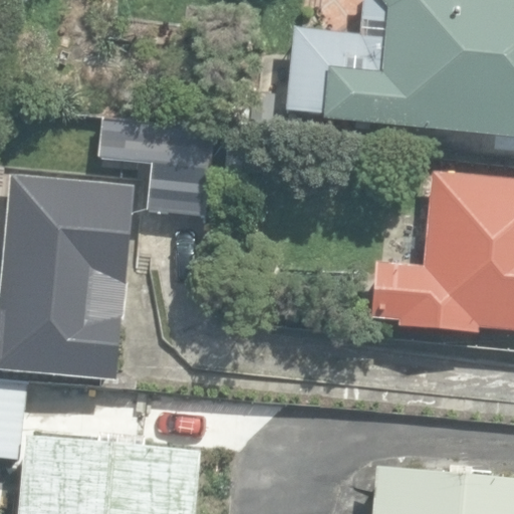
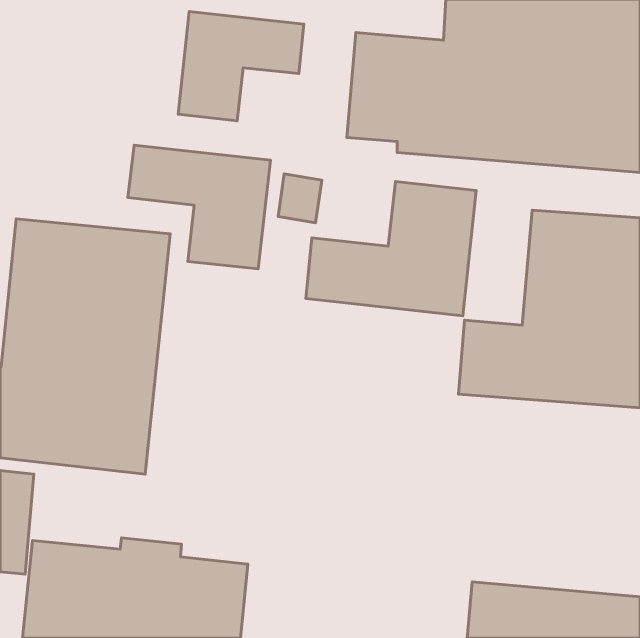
building: none -> [178,11,304,121]
building: none -> [306,181,476,316]

